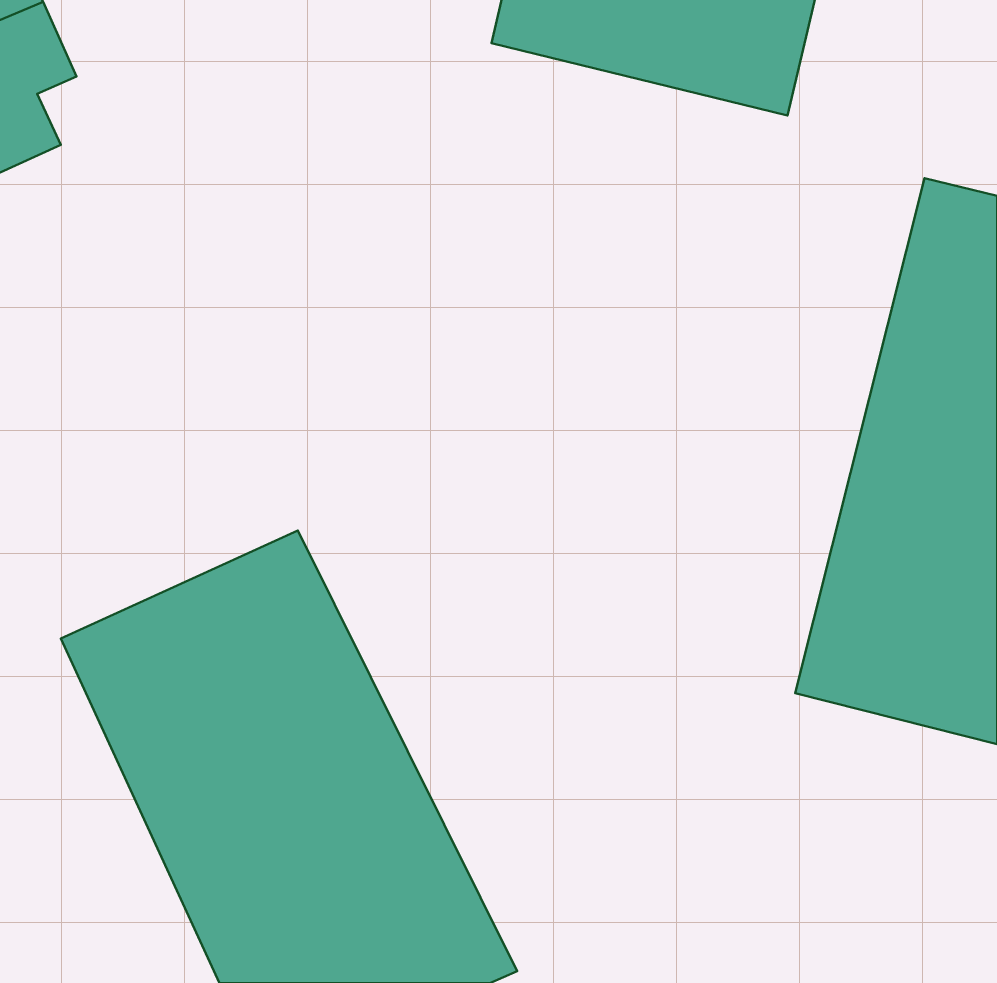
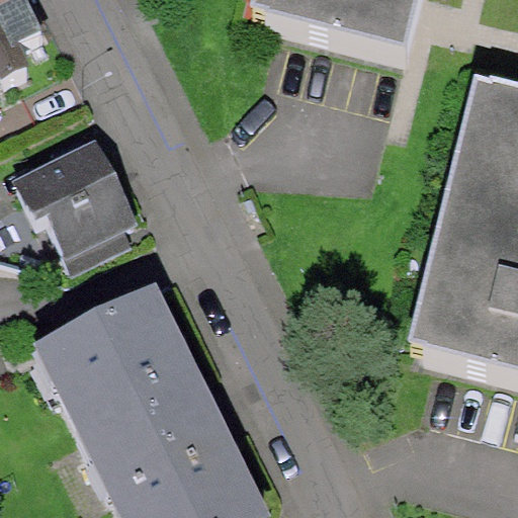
building: none -> [9,144,137,269]

